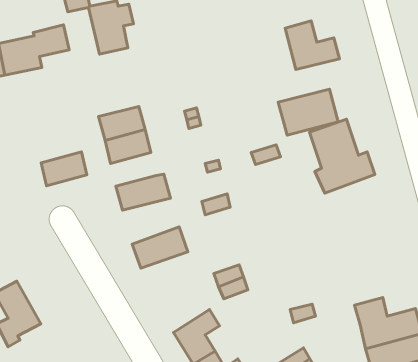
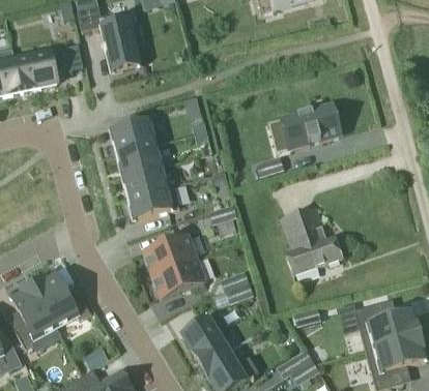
building: [285,21,340,70] -> none
building: [309,119,375,193] -> [279,205,341,275]
building: [41,152,87,186] -> [122,164,166,197]
building: none -> [151,259,204,298]
building: none -> [33,274,90,327]

